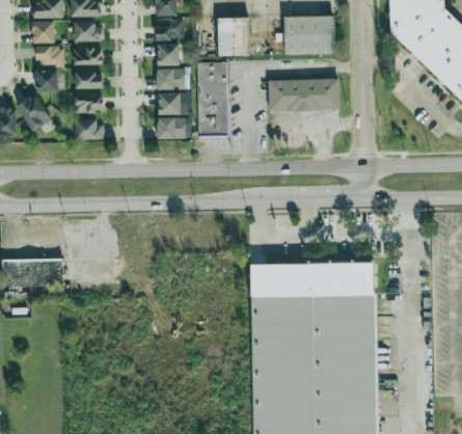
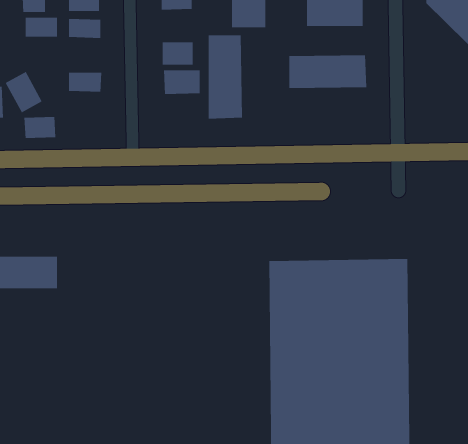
building: [158,45,180,65] -> none
building: [36,71,58,92] -> none
building: [75,73,103,89] -> none
building: [157,117,191,139] -> none
building: [75,120,104,140] -> [24,116,56,139]

